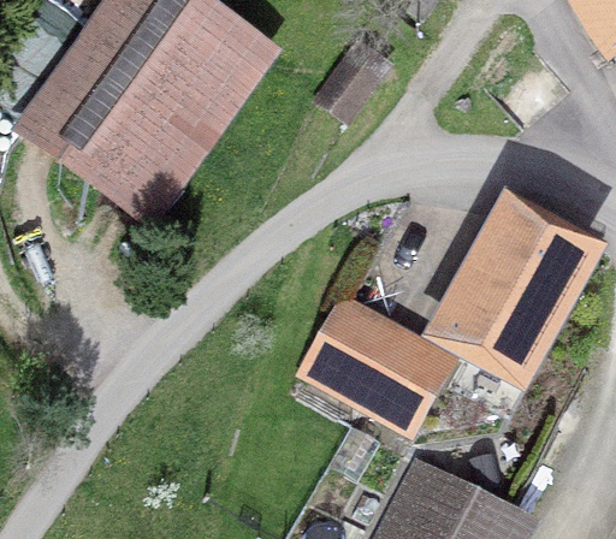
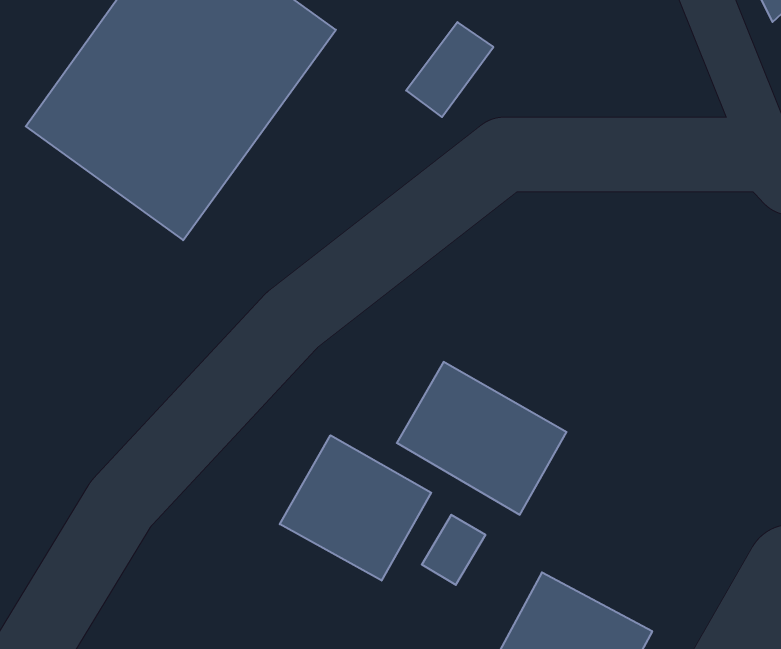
building: [443,212,586,375] -> none
building: none -> [280,435,431,581]

